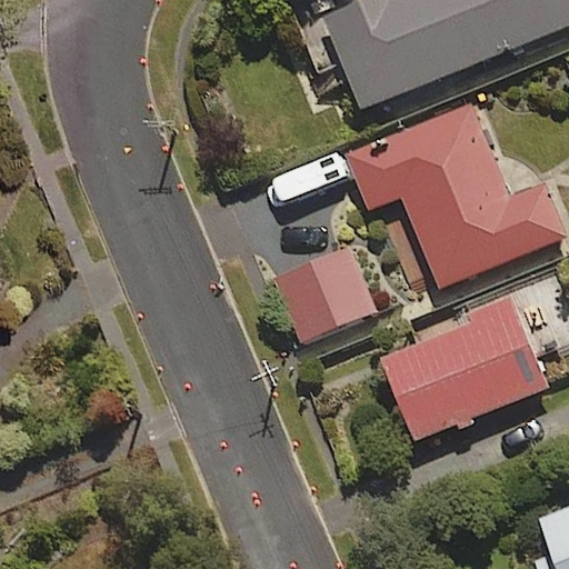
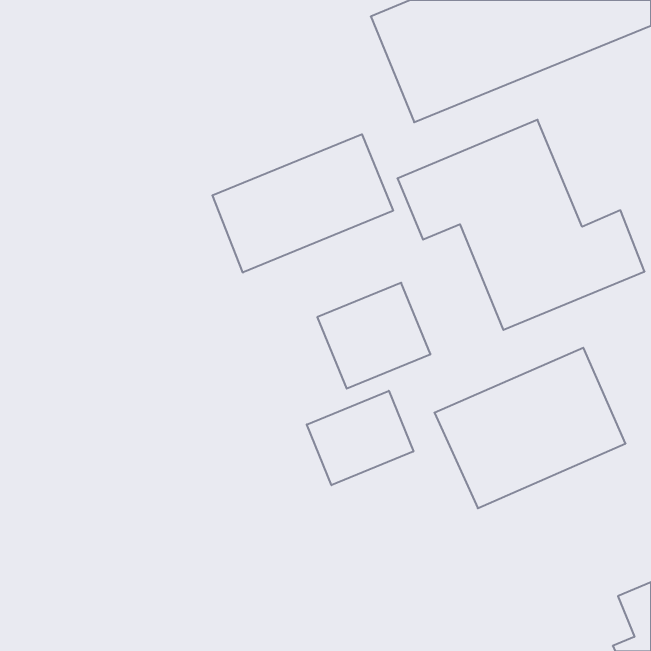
building: none -> [212,134,393,273]
building: none -> [307,391,413,485]

